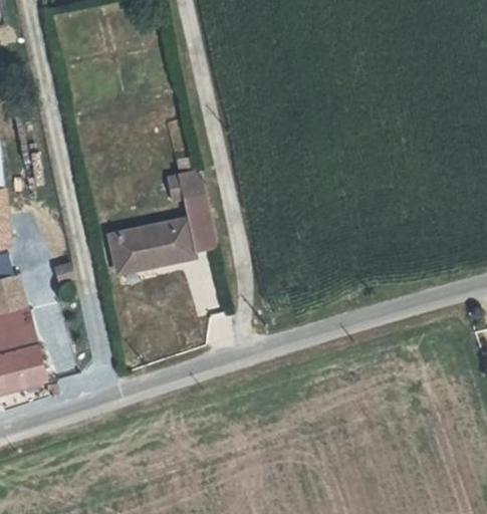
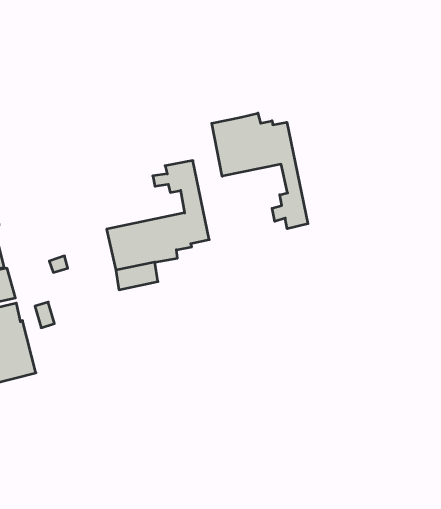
building: none -> [212,113,308,229]

